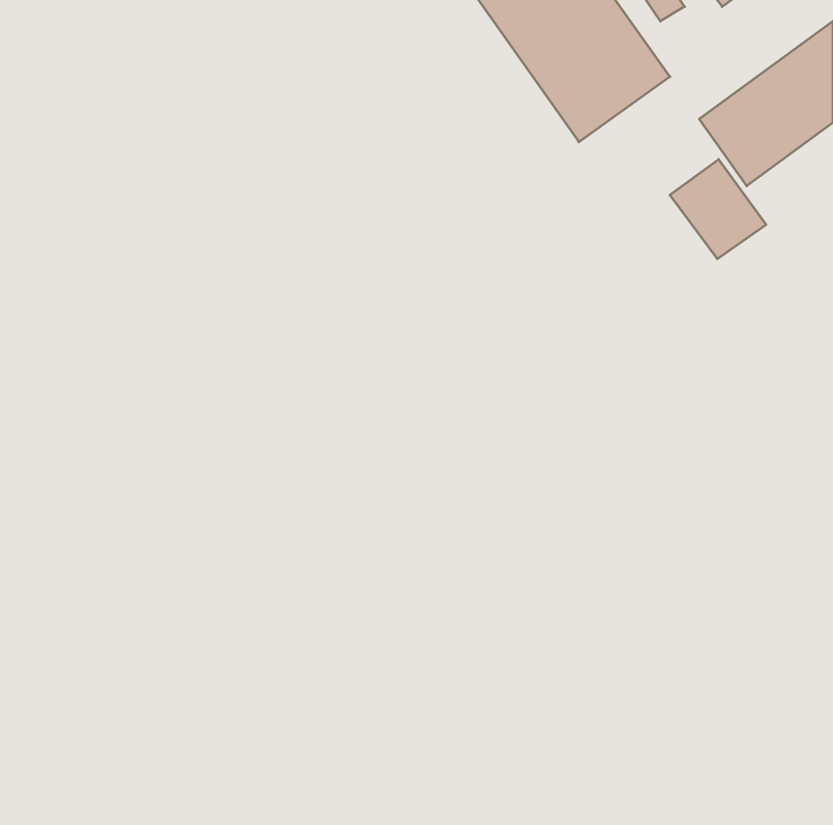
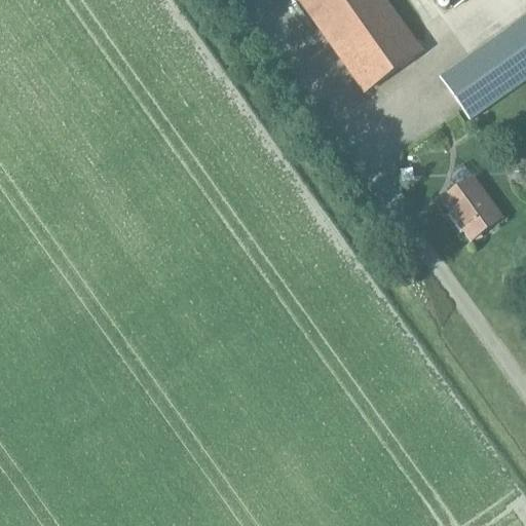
building: [670,159,766,259] -> [442,175,502,237]

